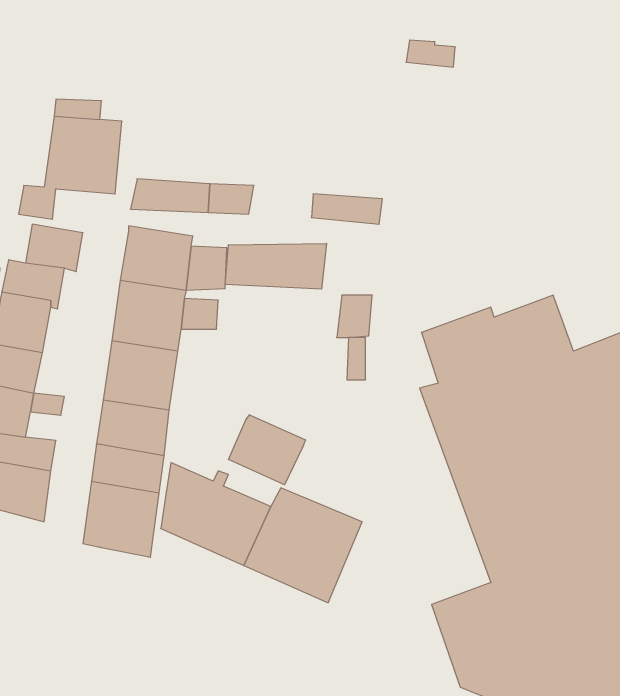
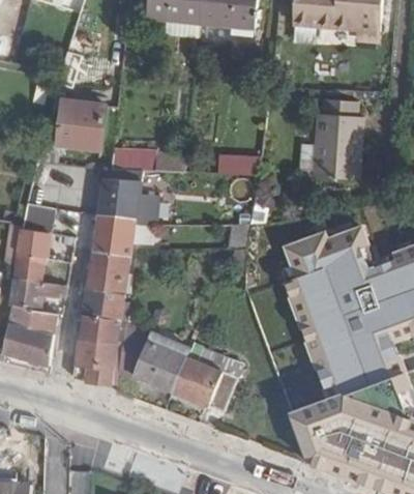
building: none -> [315,110,361,175]
building: [225,243,326,289] -> none
building: [229,415,305,485] -> none

